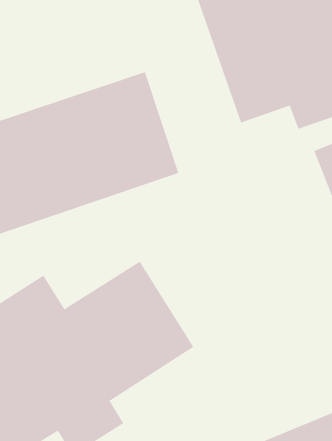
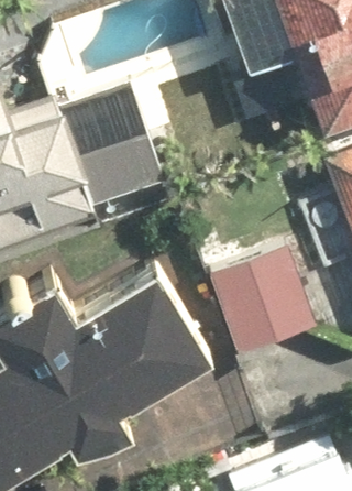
building: none -> [212,241,327,359]

